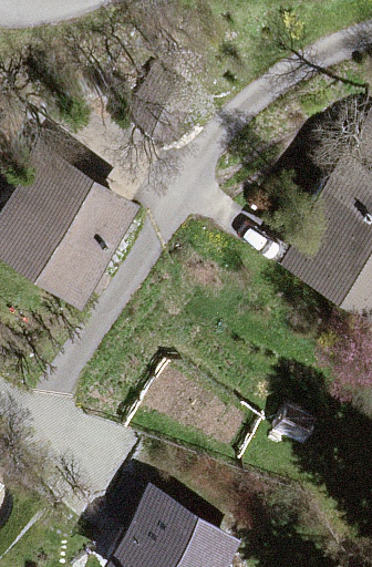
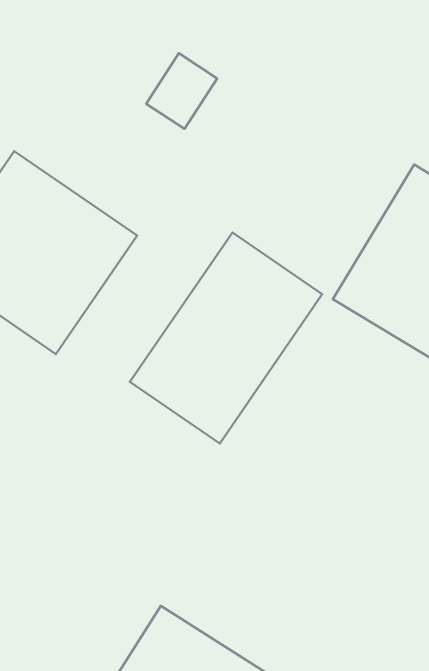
building: none -> [130,233,322,443]

